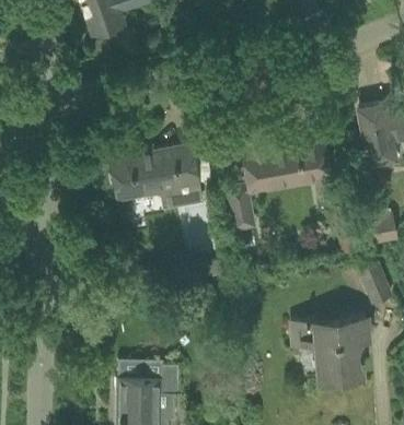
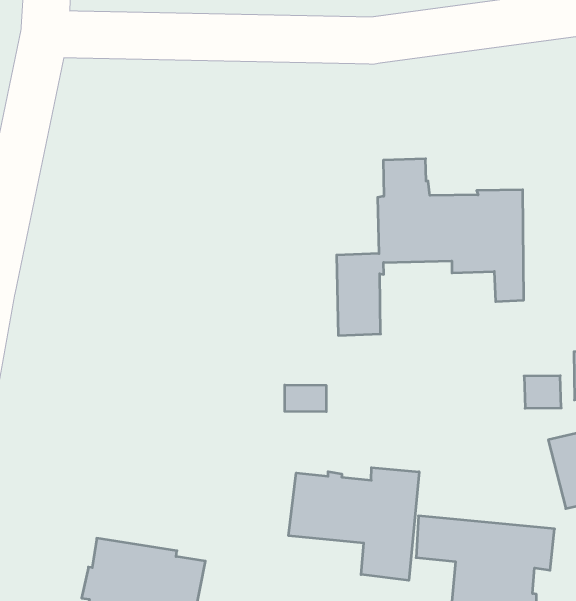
building: [111,144,201,208] -> none
building: none -> [289,468,419,580]

